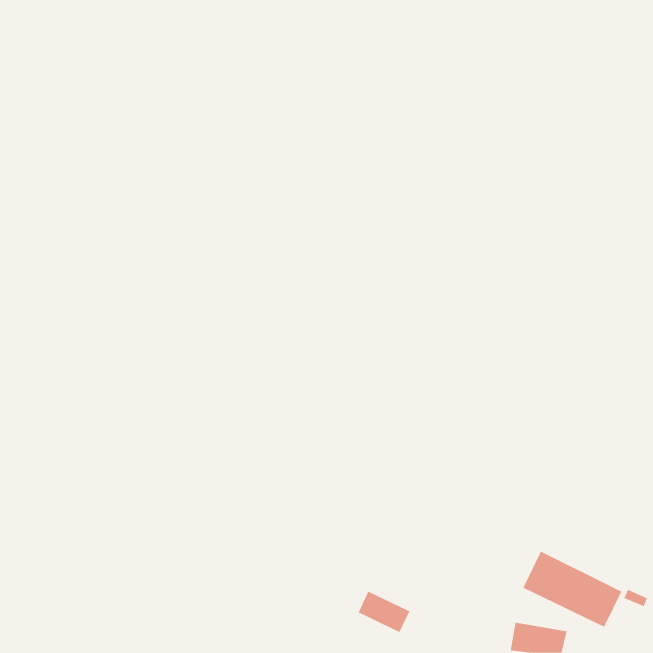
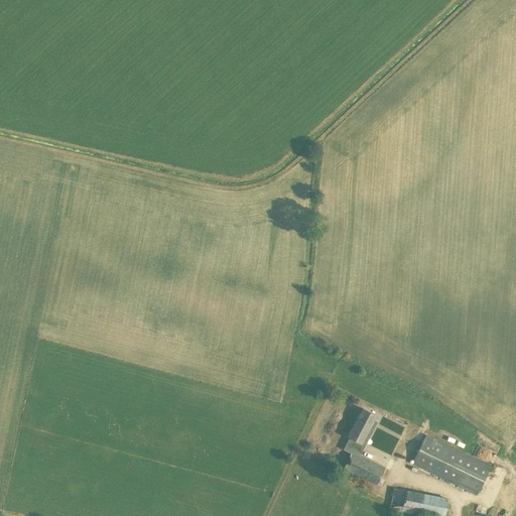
building: none -> [348,408,376,443]
building: [358,591,410,633] -> [344,452,385,485]

